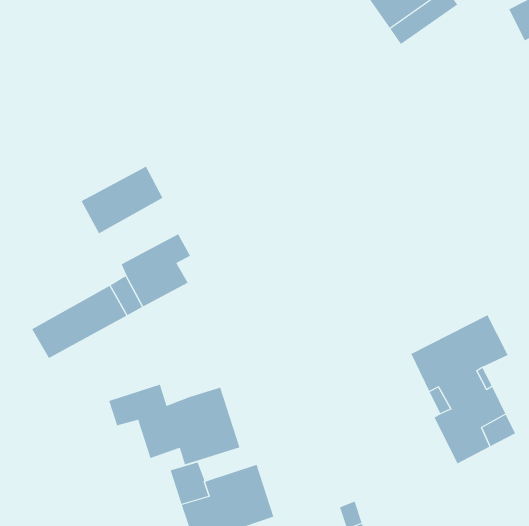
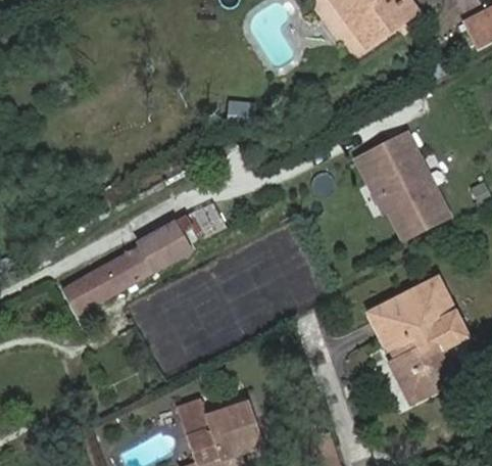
building: none -> [352,130,452,243]
building: [81,166,163,234] -> none
building: [109,384,240,466] -> none

